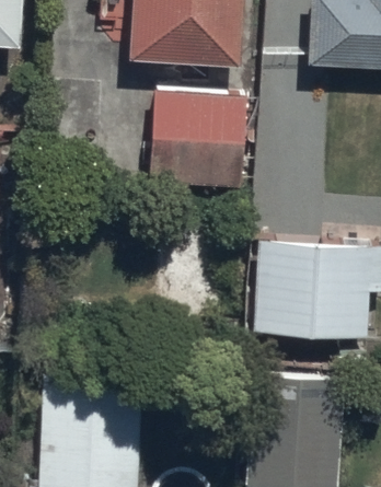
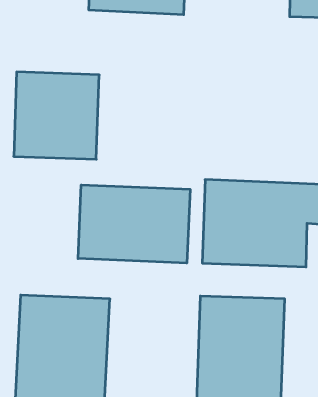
building: [147,90,243,188] -> [14,72,99,159]
building: none -> [78,185,190,263]

